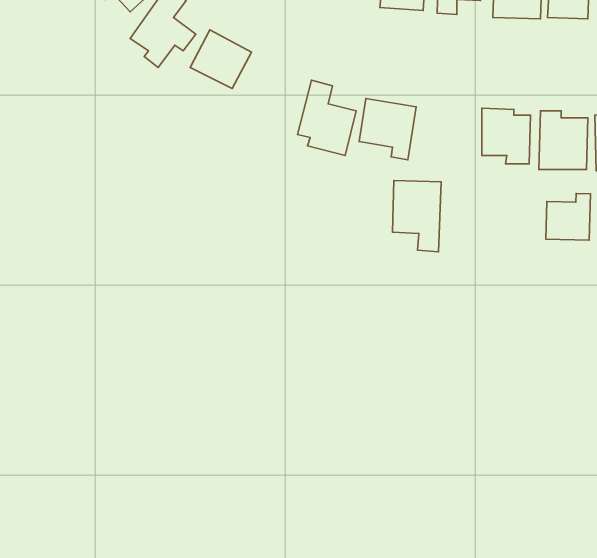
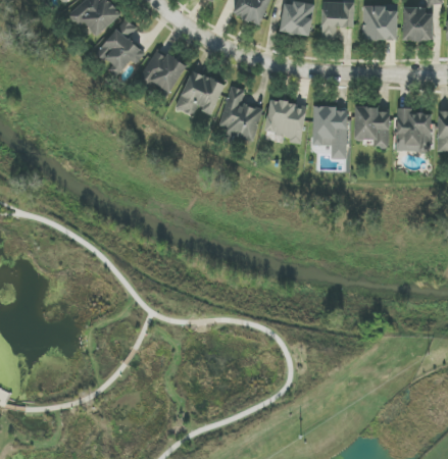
building: none -> [177,70,225,115]
building: [392,181,441,252] -> [312,107,348,159]
building: [546,194,591,240] -> none

